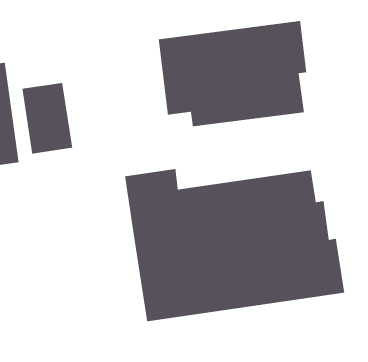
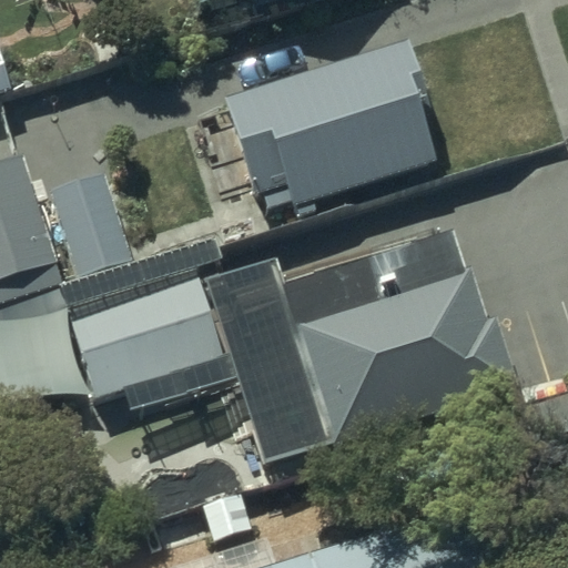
building: none -> [65,270,227,398]

